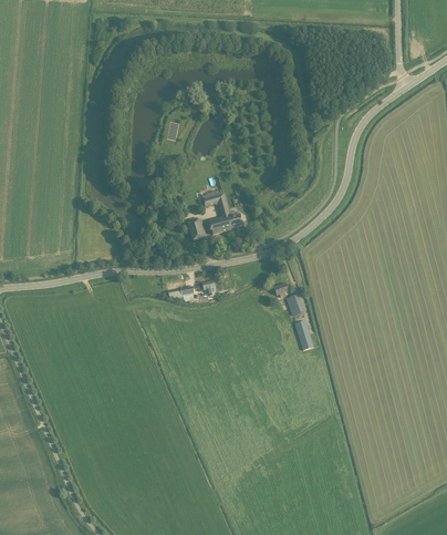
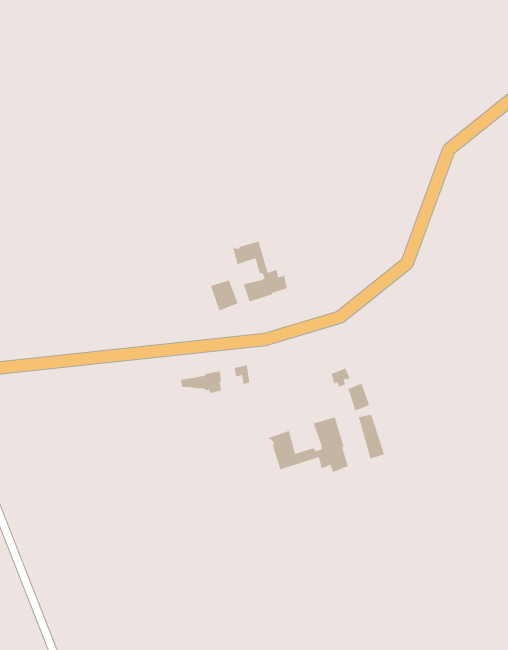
building: none -> [269,417,349,473]

